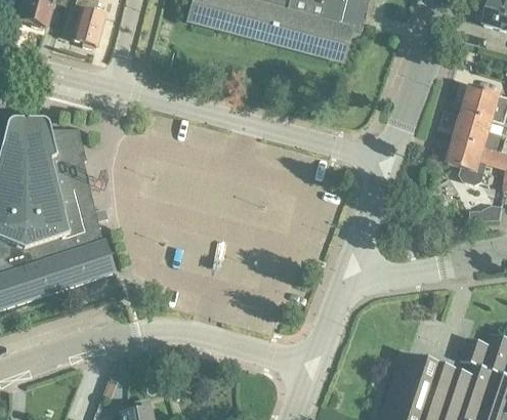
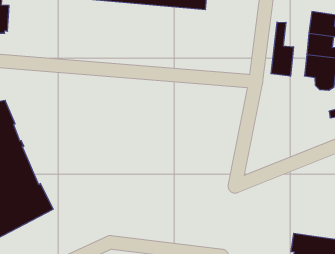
building: none -> [271,22,293,76]

